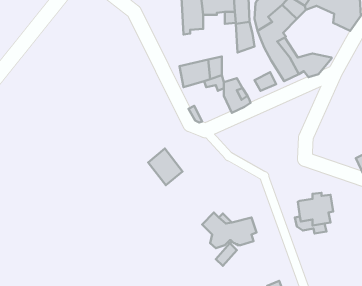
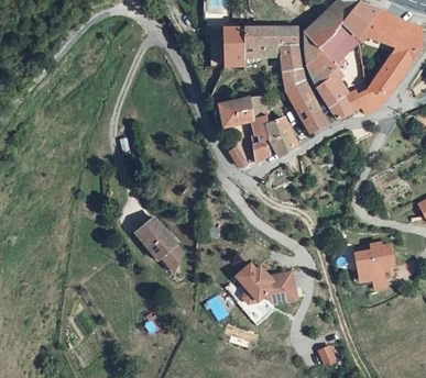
building: none -> [369,55,411,93]
building: none -> [285,81,321,119]
building: none -> [250,124,270,162]
building: [148,149,183,185] -> [136,221,175,262]

